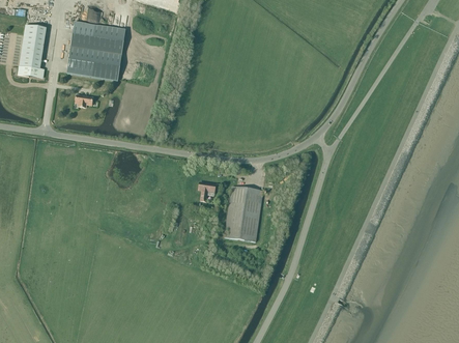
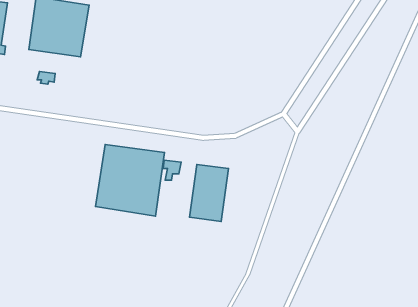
building: none -> [96,144,165,216]

